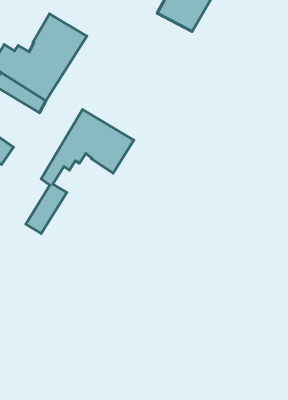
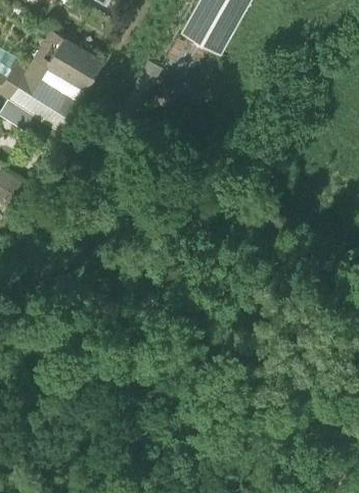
building: [26,110,134,233] -> none

